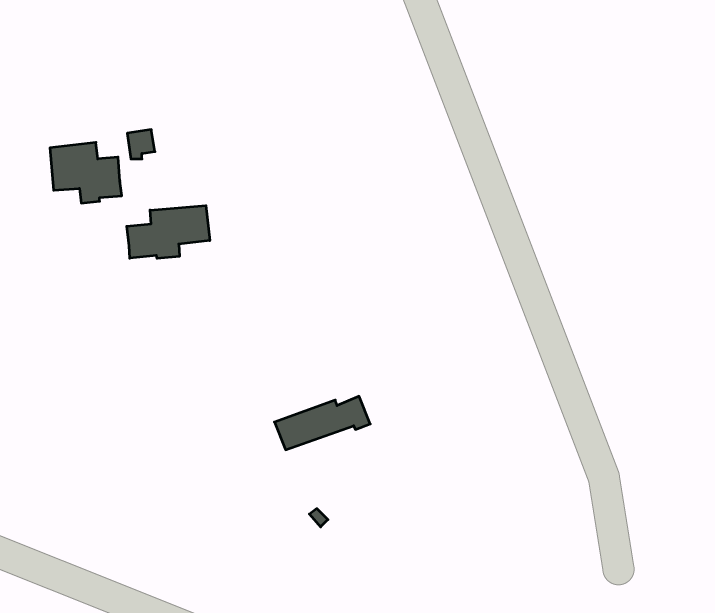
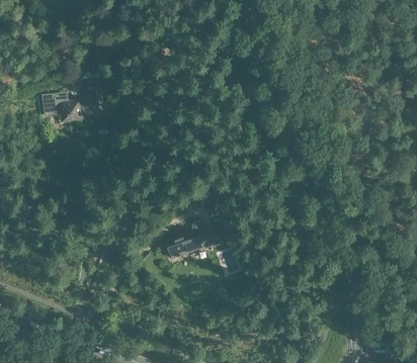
building: [127,206,210,258] -> none

